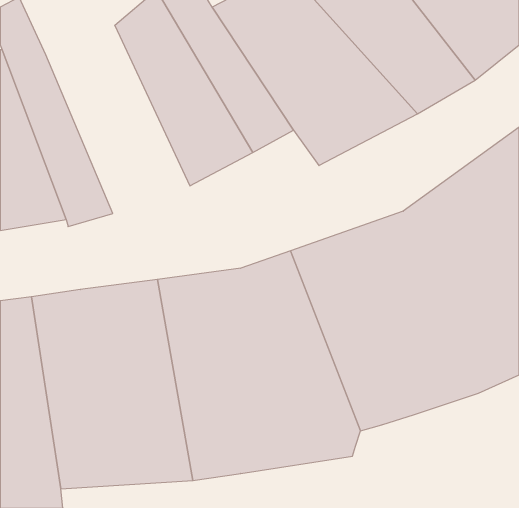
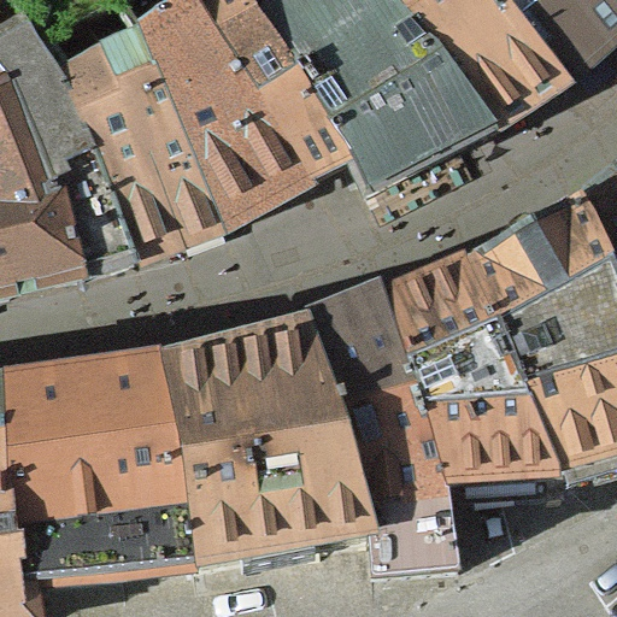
building: none -> [54,30,225,253]

